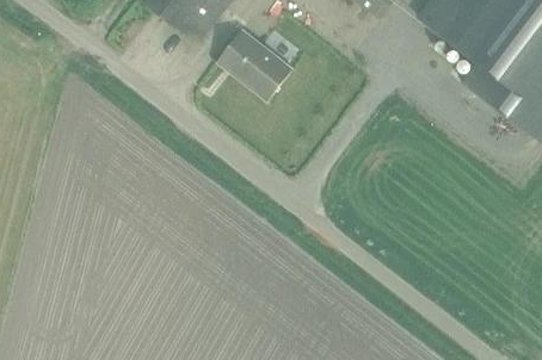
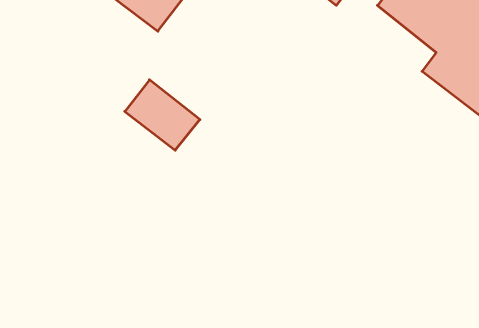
building: [216,26,292,98] -> [125,80,200,150]

